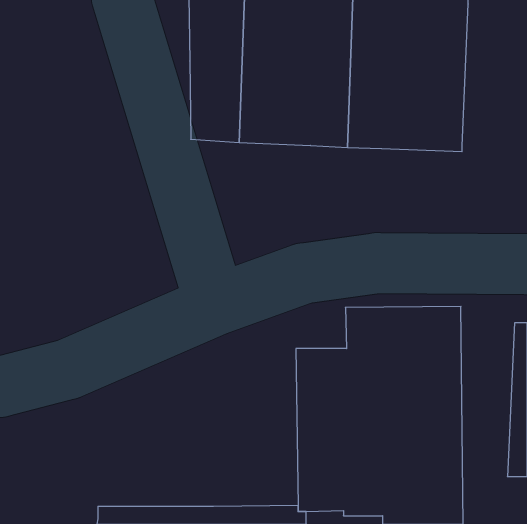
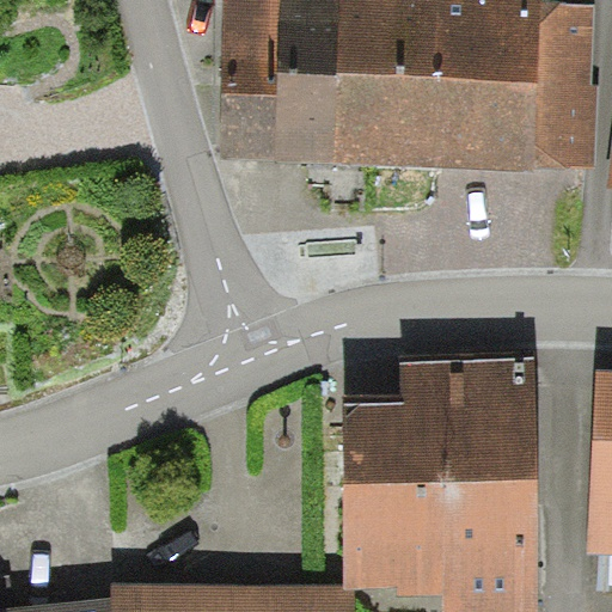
building: none -> [536,5,599,170]

